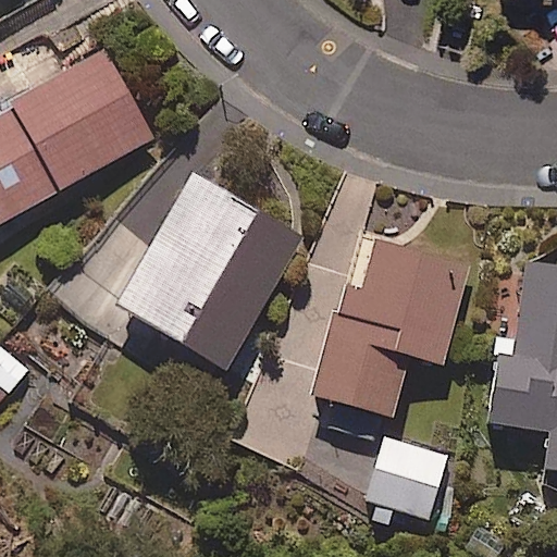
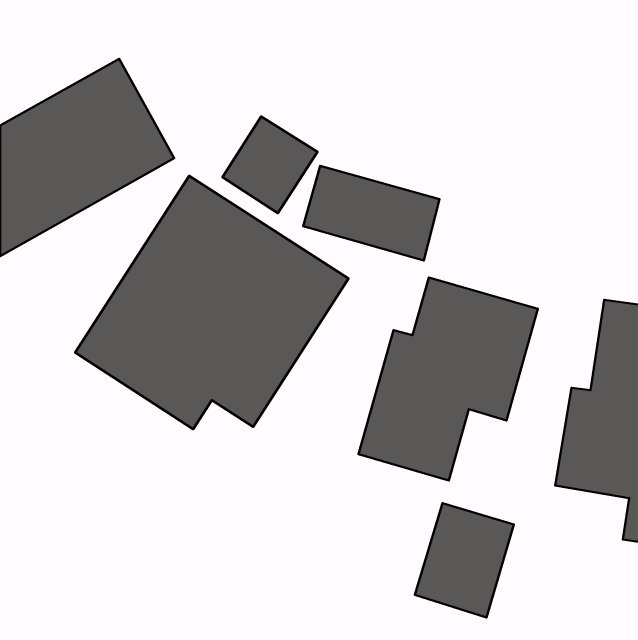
building: none -> [222,117,317,213]
building: none -> [303,166,439,261]

